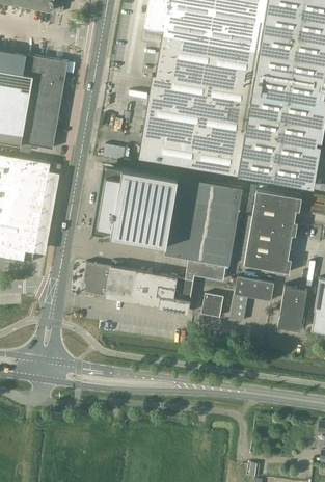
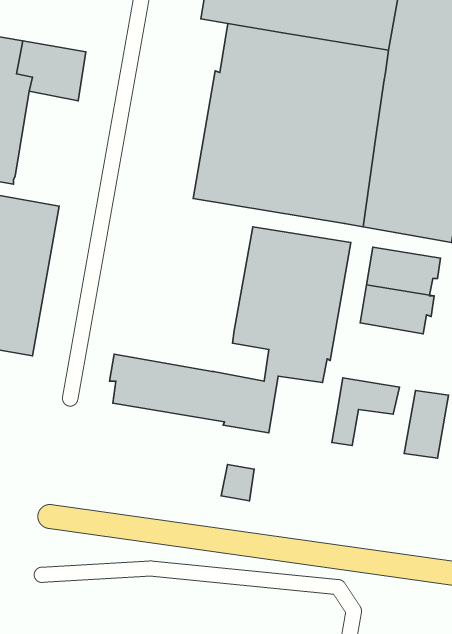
building: [22,88,63,150] -> none
building: [94,165,179,249] -> none
building: [244,241,292,273] -> none
building: [201,294,223,318] -> [221,464,254,501]

